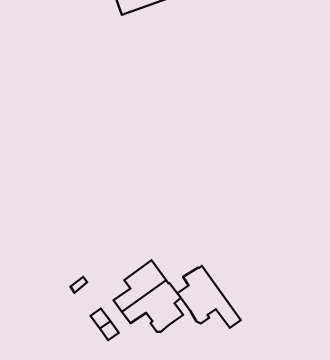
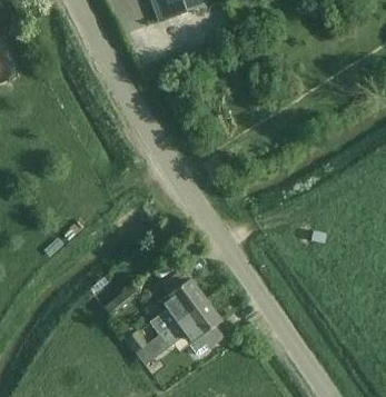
building: [177,266,241,328] -> none

